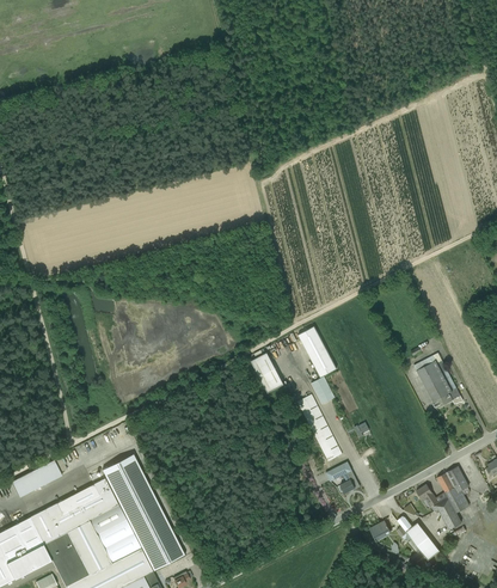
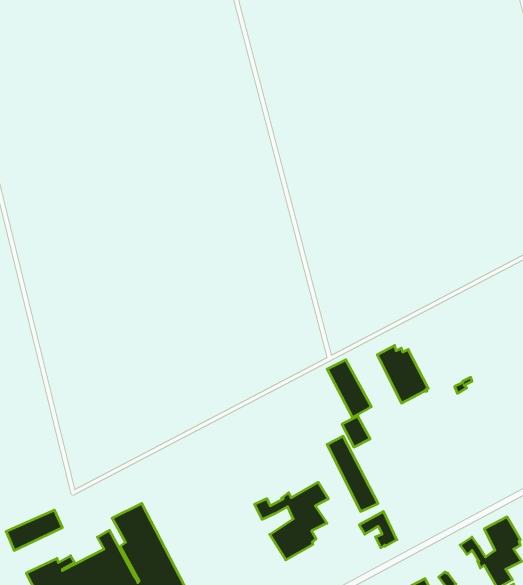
building: [250,353,283,393] -> none
building: [413,357,459,409] -> [377,345,428,403]
building: none -> [255,482,328,560]

